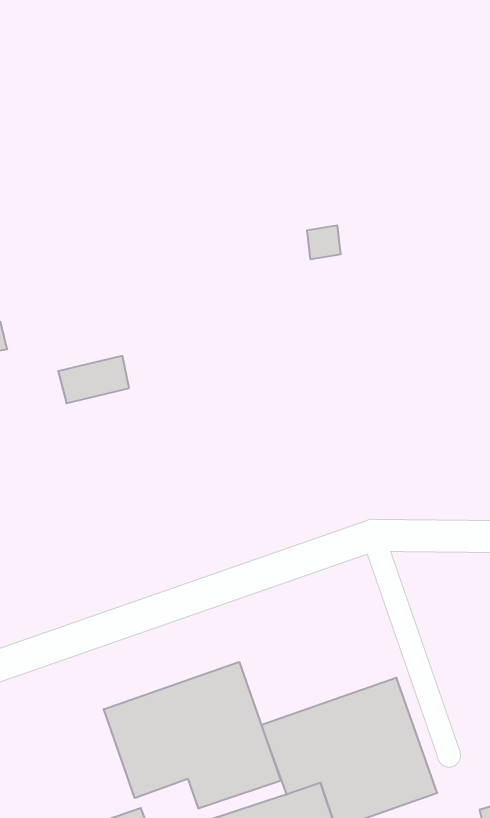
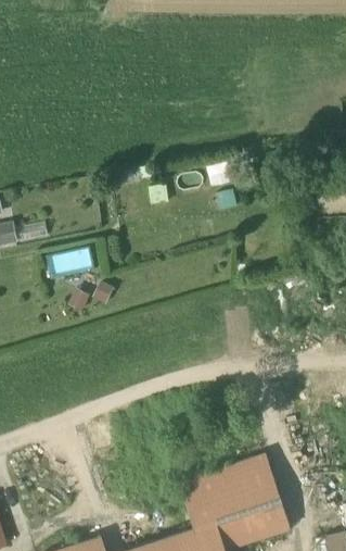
building: [104,662,281,809] -> none

